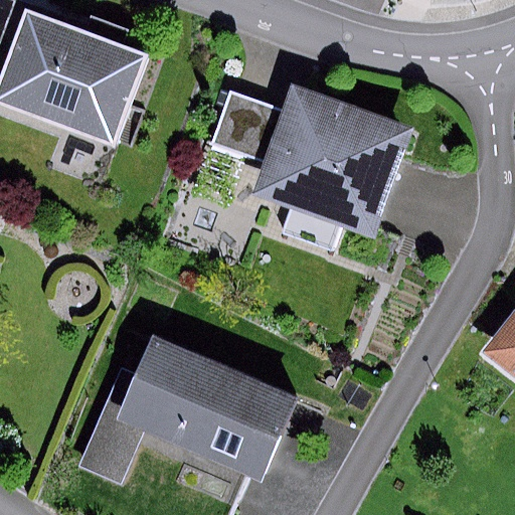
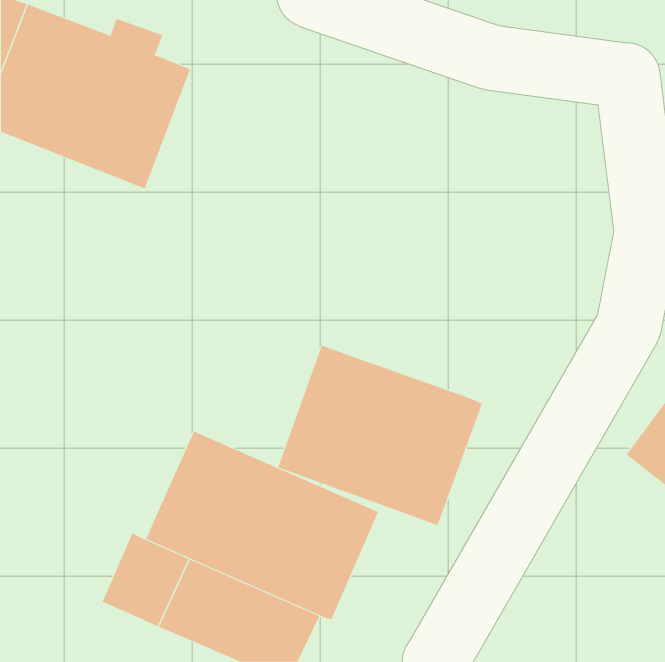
building: [210,88,412,239] -> none
building: none -> [278,345,482,526]

